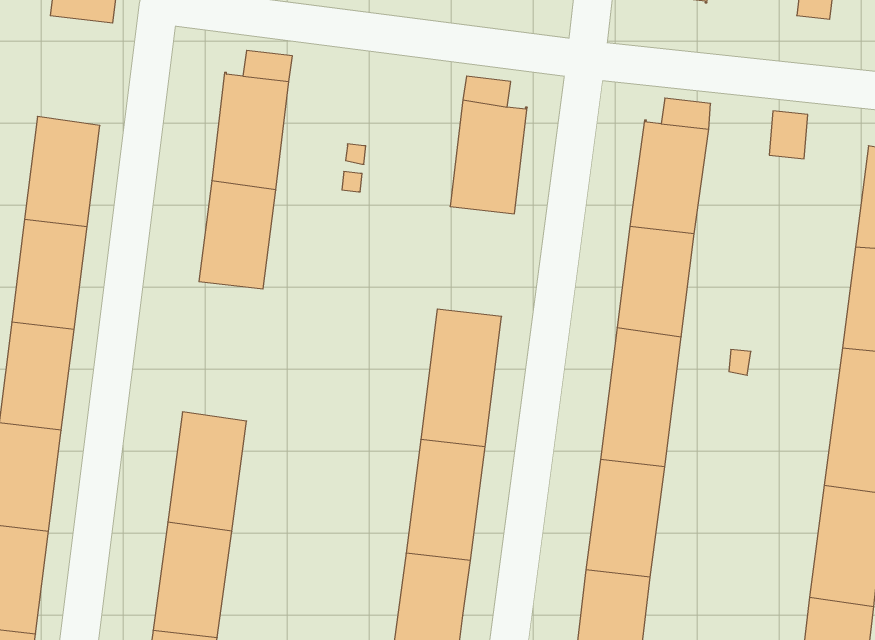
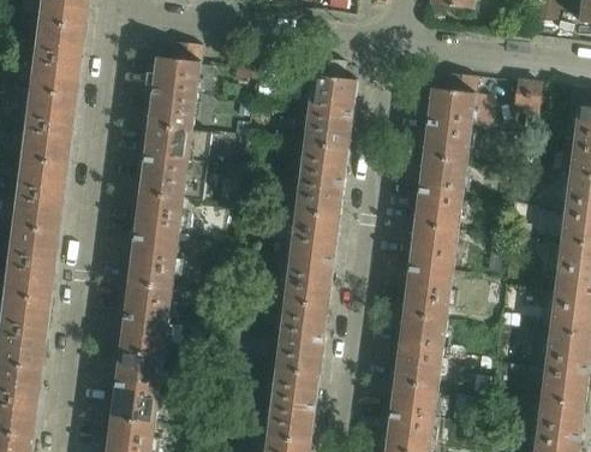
building: none -> [34,20,83,93]
building: none -> [296,145,346,218]
building: none -> [129,195,181,286]

